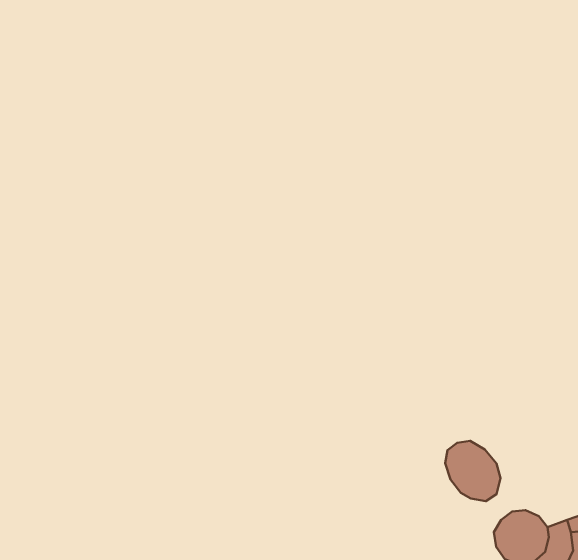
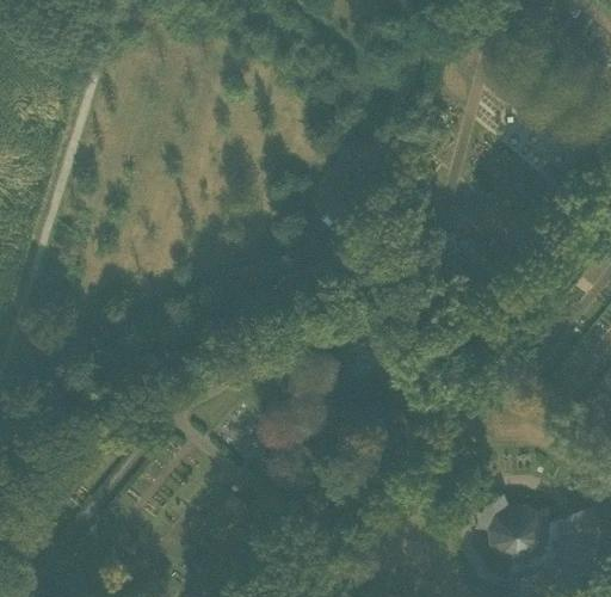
building: [445,441,500,501] -> none

